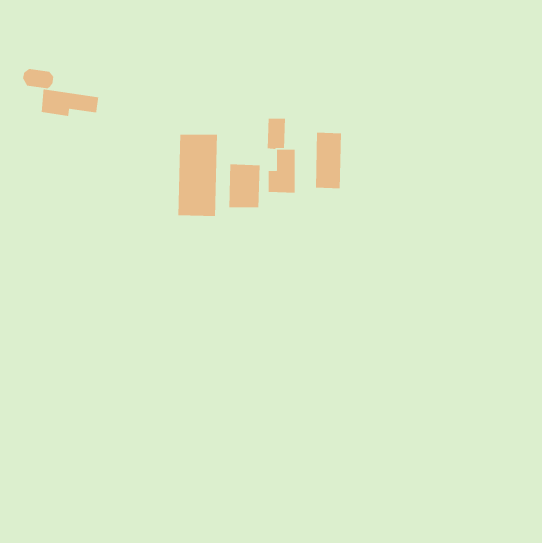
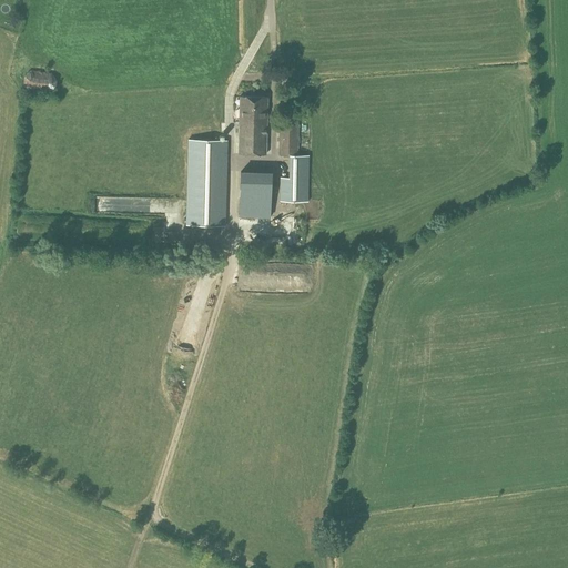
building: [41,89,99,117] -> none
building: [315,132,342,189] -> [240,95,267,155]

